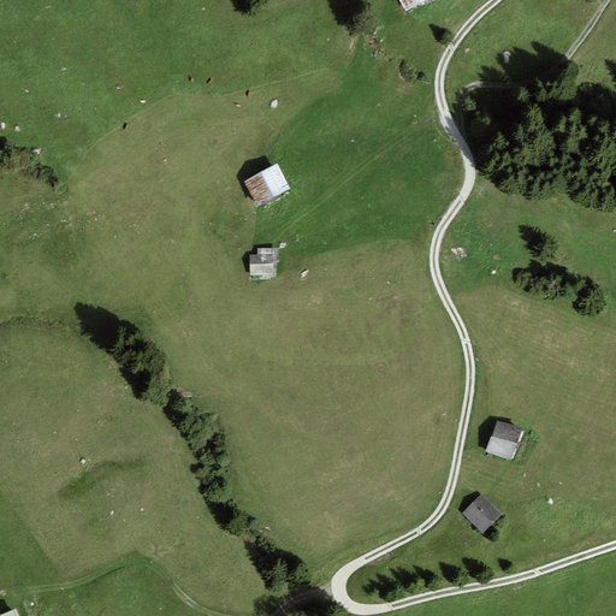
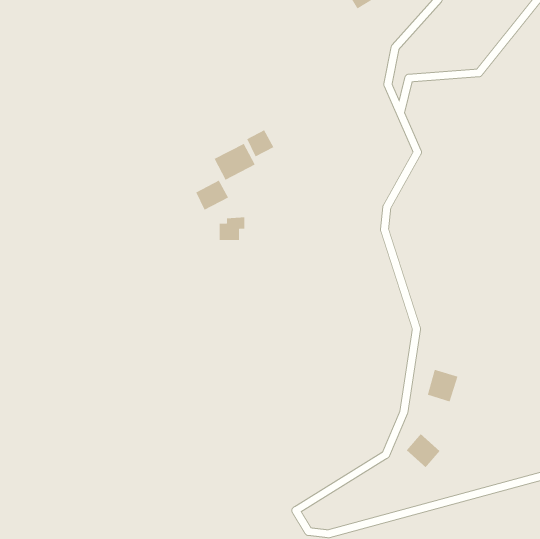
building: none -> [246,129,274,157]
building: none -> [195,179,229,211]

